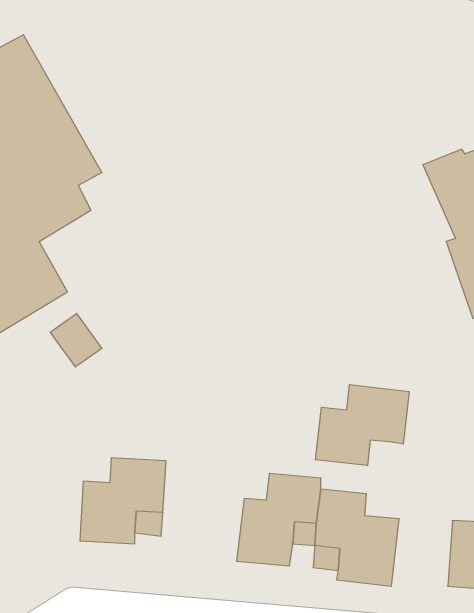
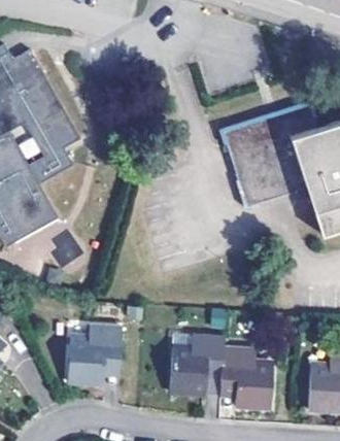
building: none -> [222,101,317,207]
building: [316,384,409,466] -> none

